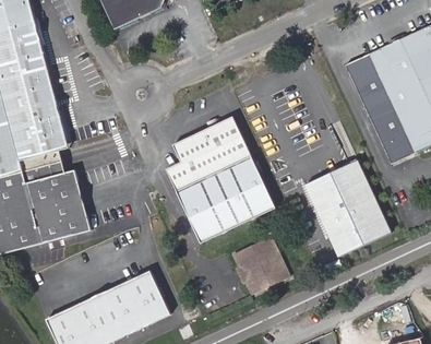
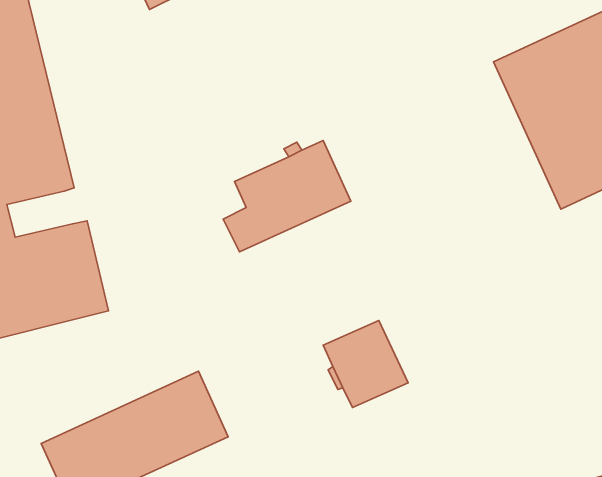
building: [21,150,64,180] -> none
building: [176,156,274,241] -> none
building: [302,159,392,257] -> none

